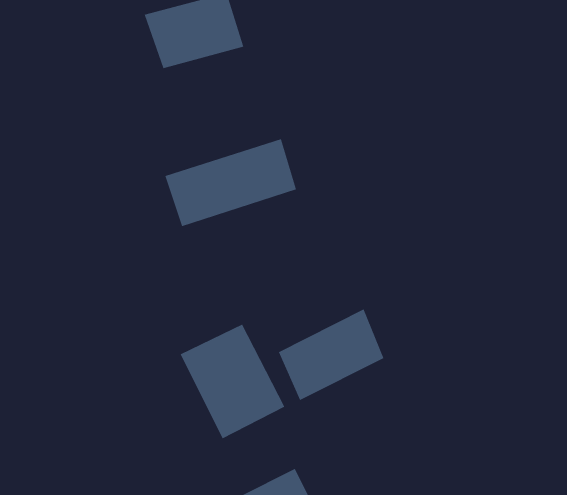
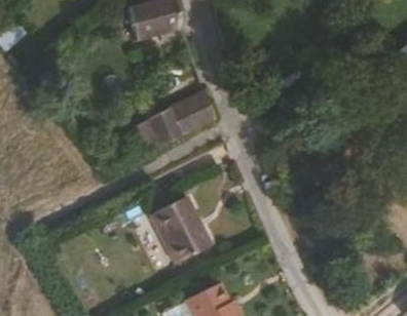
building: [278,309,384,401] -> none

